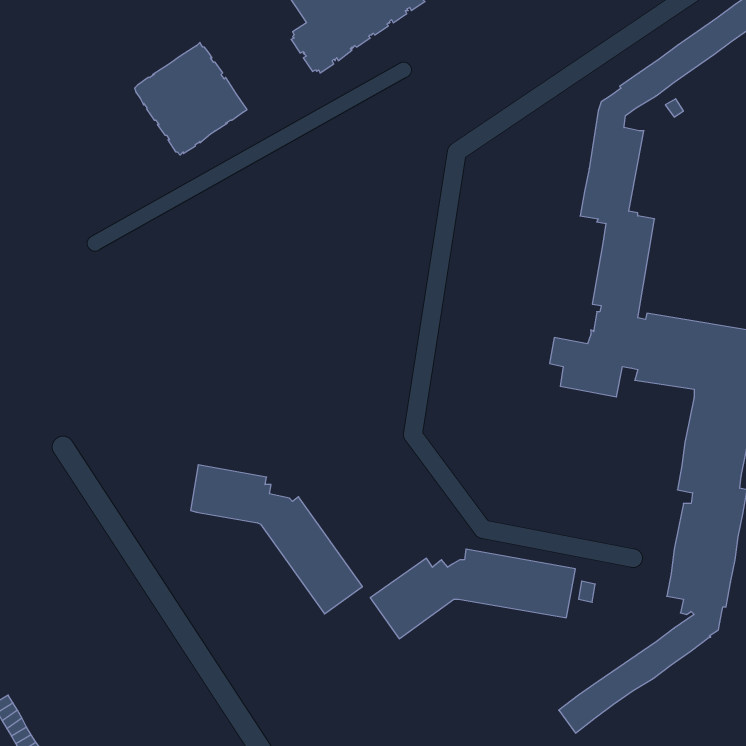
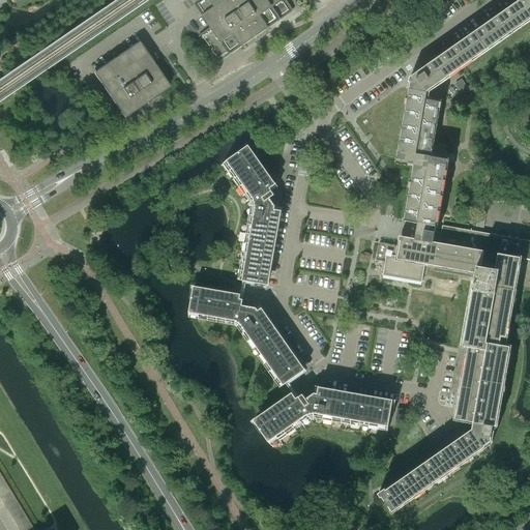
building: none -> [220,143,283,283]
building: [191,465,362,614] -> [188,284,305,385]

